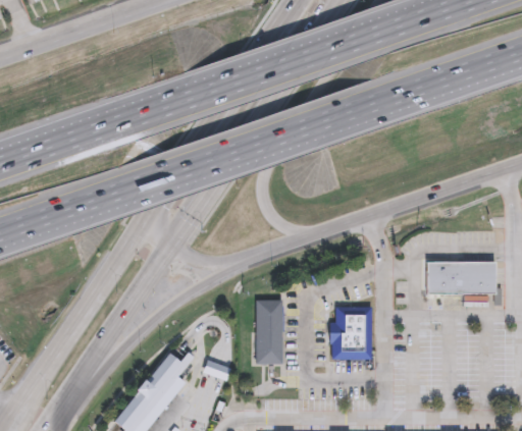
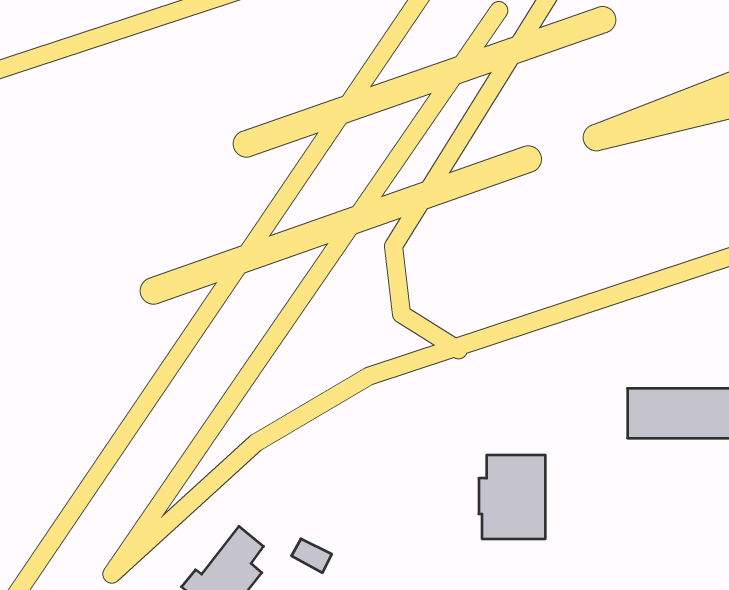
building: [256,300,281,363] -> none

